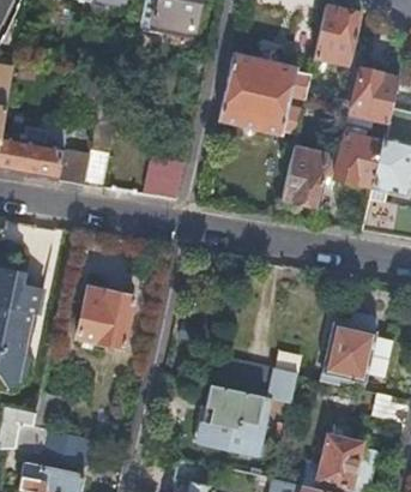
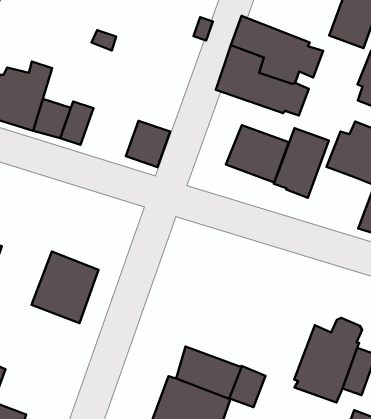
building: none -> [226,125,289,182]

